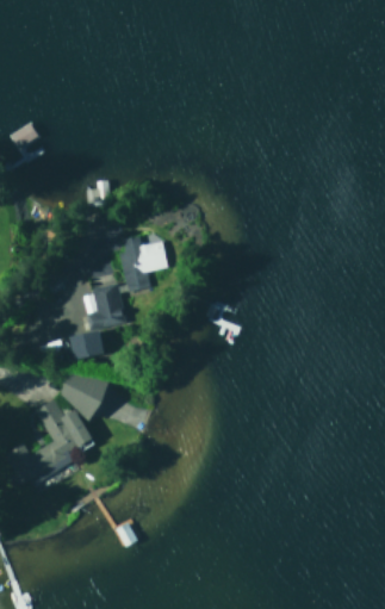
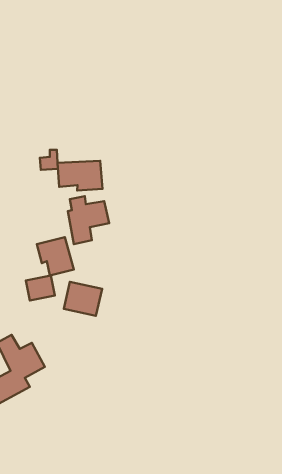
building: none -> [58,161,102,190]
building: [60,373,105,414] -> [64,282,102,316]

